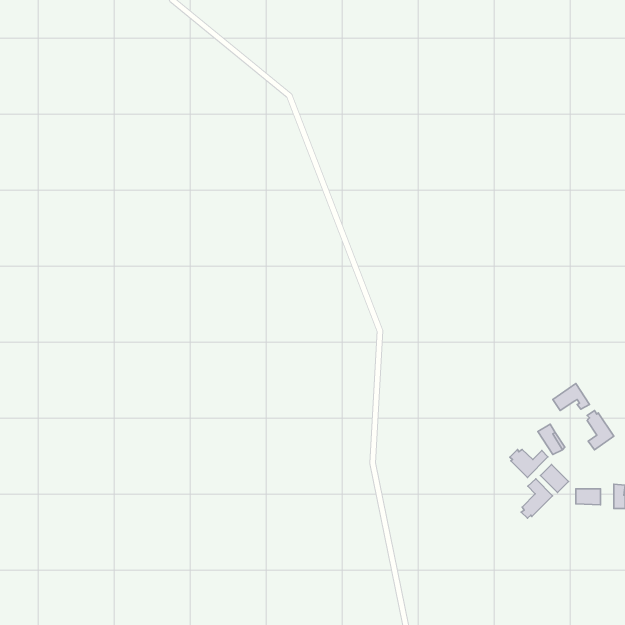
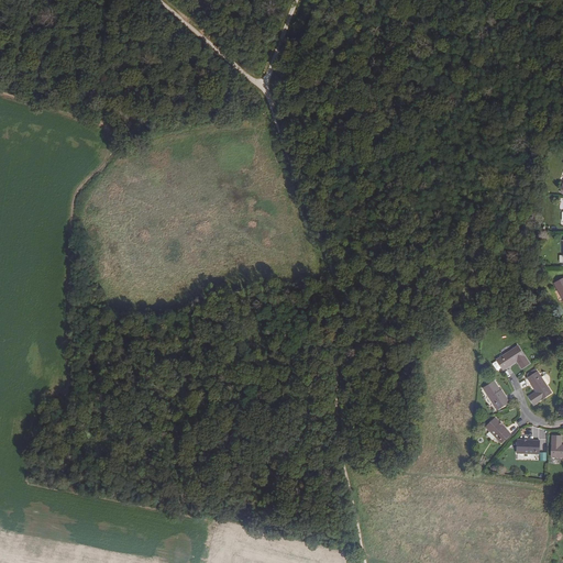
building: [510,449,548,477] -> none
building: [521,479,553,518] -> none

